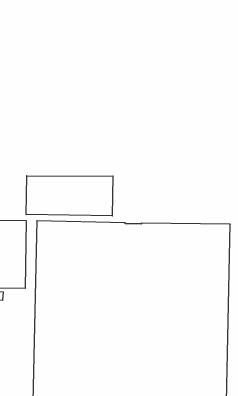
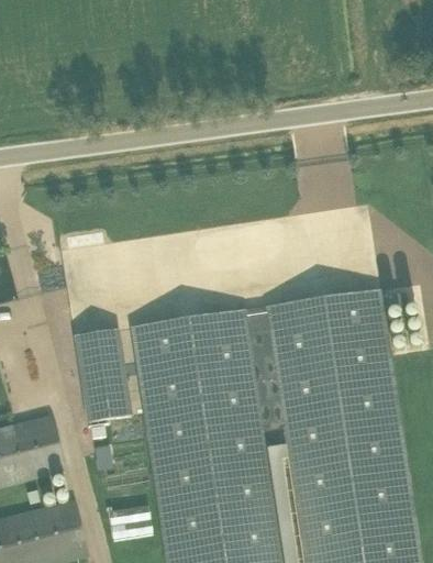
building: [26,176,113,216] -> none

